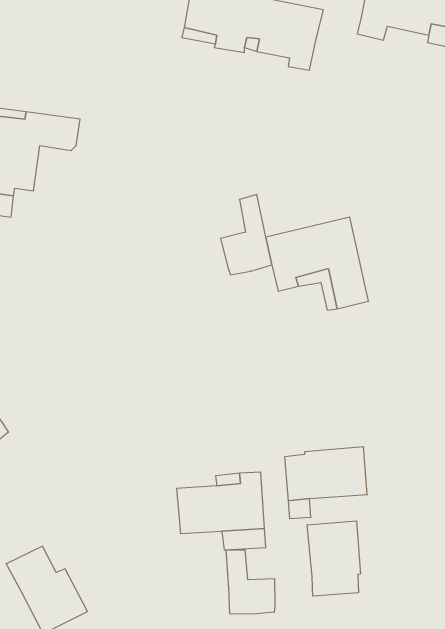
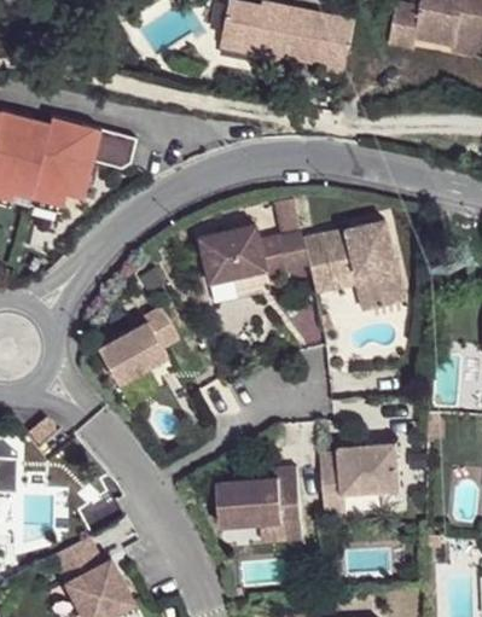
building: none -> [199,226,266,283]
building: none -> [100,309,178,384]
building: [307,521,360,596] -> none
building: [226,550,275,614] -> none

